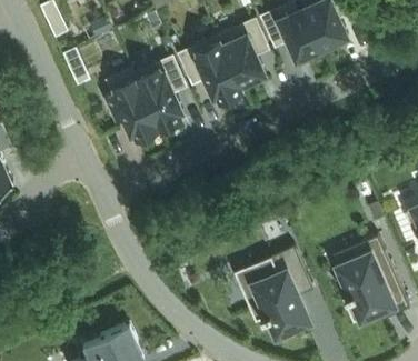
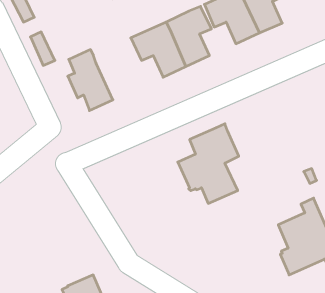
building: [131,57,181,126] -> none
building: [242,245,311,335] -> [178,124,239,203]

